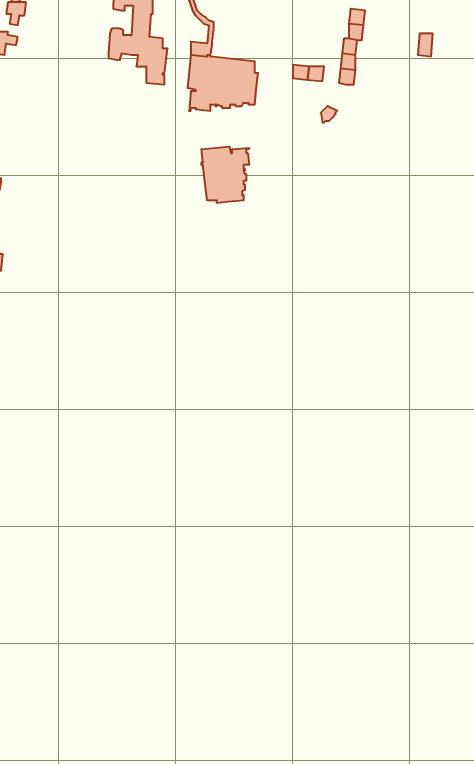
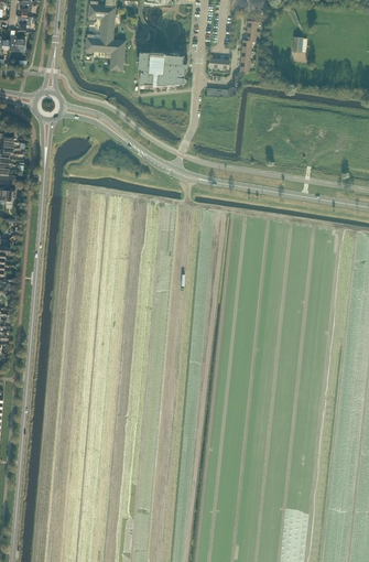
building: [201,147,249,203] -> none

